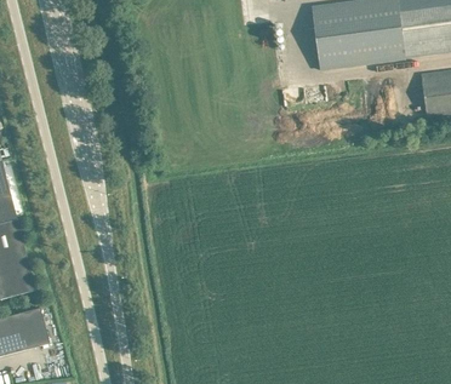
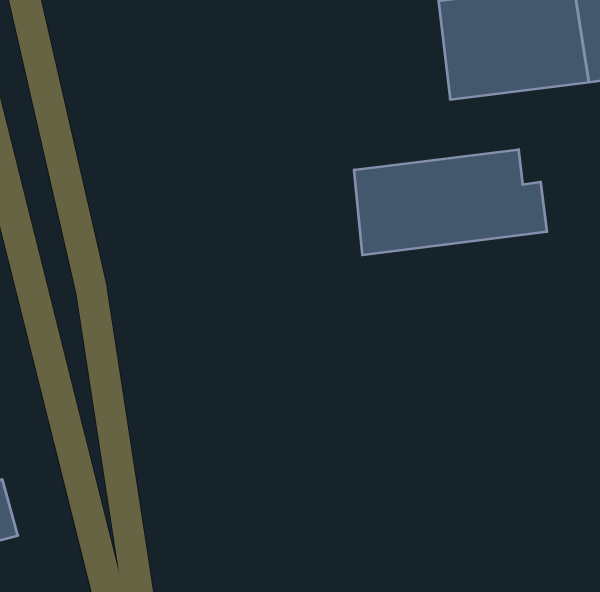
building: none -> [354,149,547,255]

